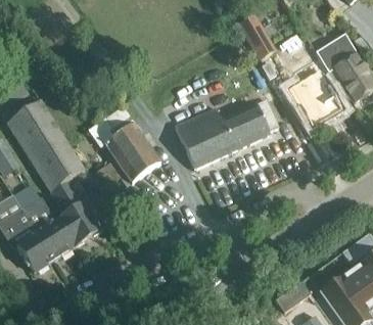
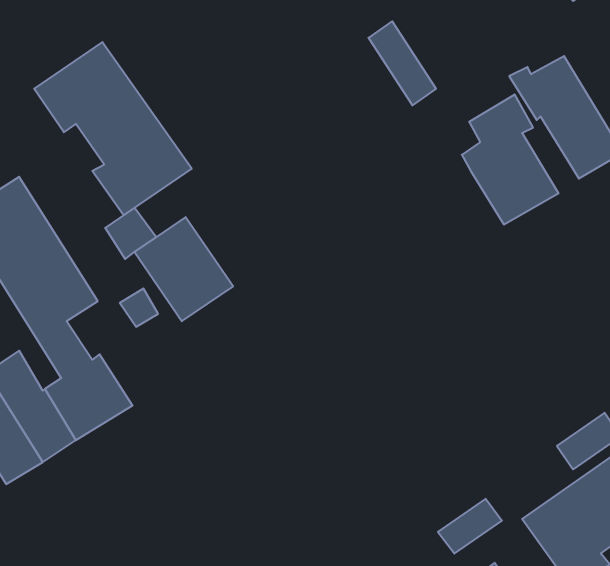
building: none -> [34,42,192,215]
building: [174,99,276,167] -> none

